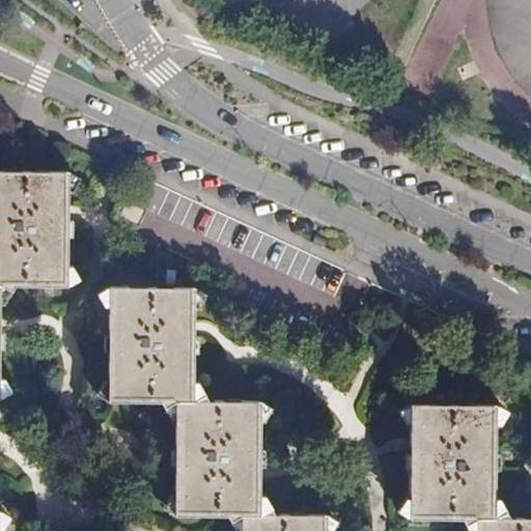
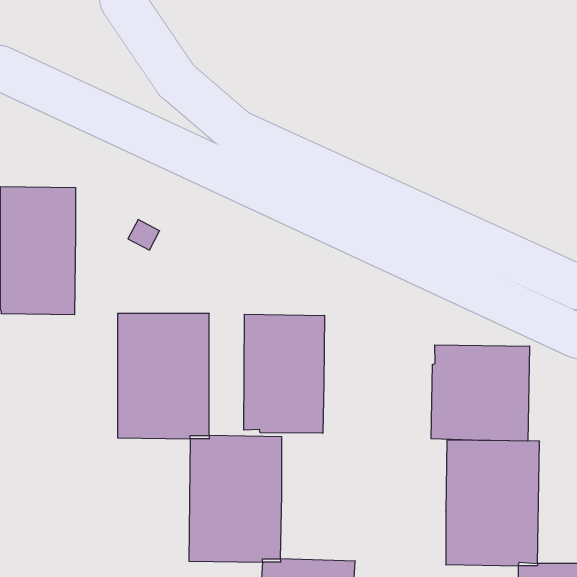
building: none -> [244,314,325,433]
building: none -> [431,345,530,441]

